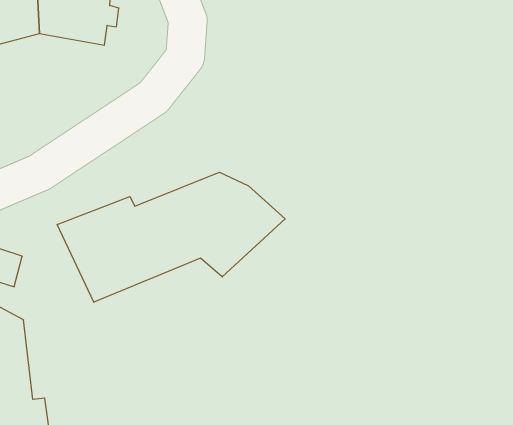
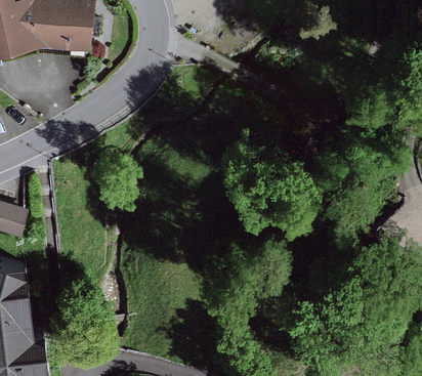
building: [57,172,285,302] -> none

